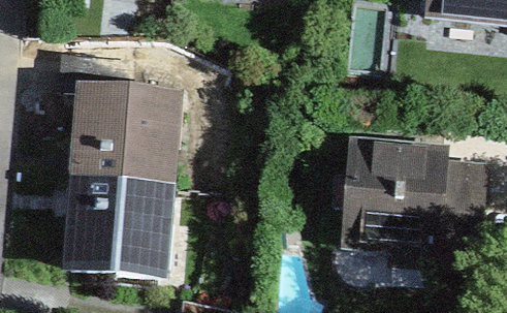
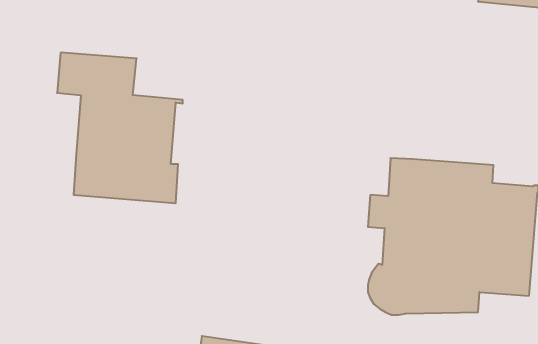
building: [70,177,166,274] -> none

